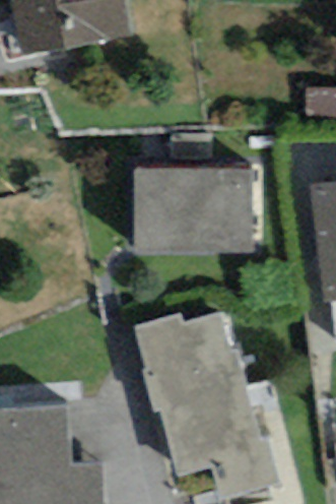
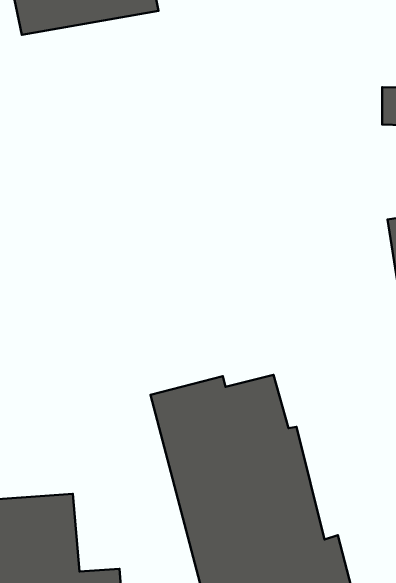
building: [133,166,253,249] -> none

